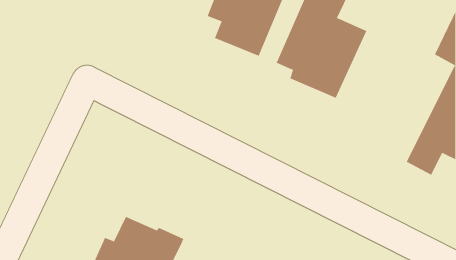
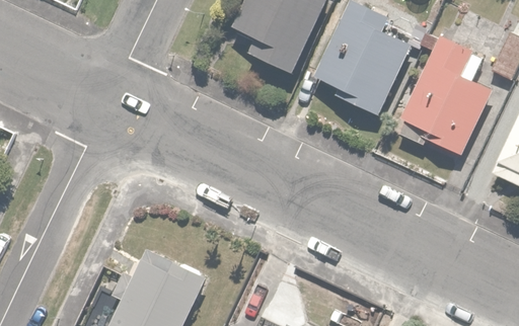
building: none -> [396,30,498,160]

